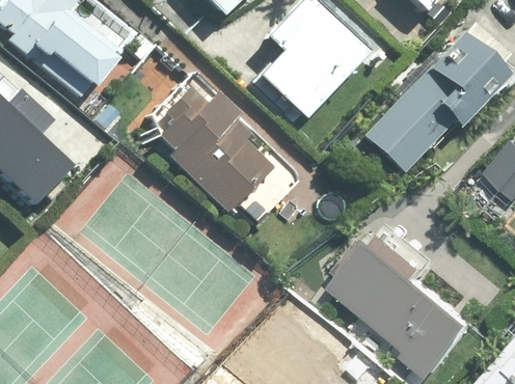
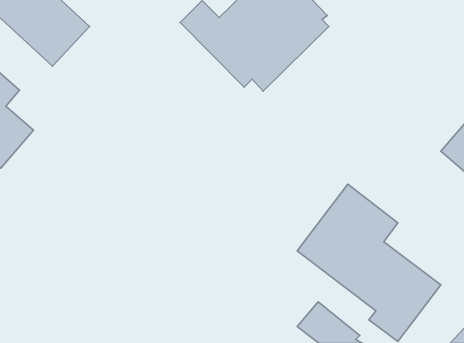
building: [369,37,505,173] -> none
building: [151,83,269,211] -> none

